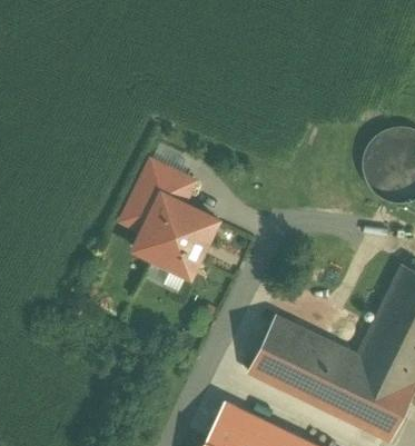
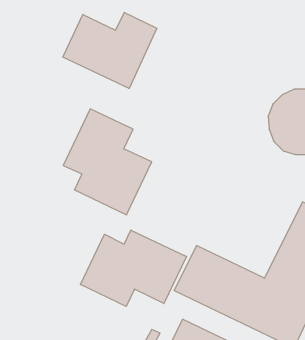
building: none -> [63,12,157,89]
building: none -> [80,230,187,306]

